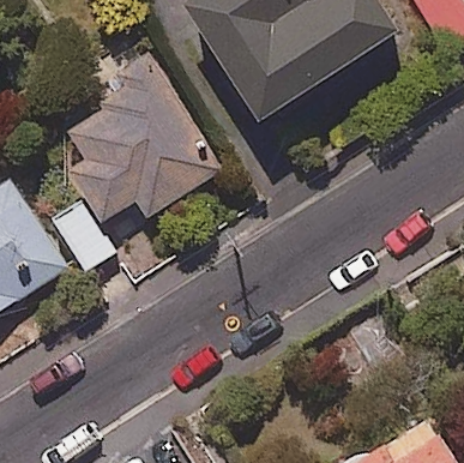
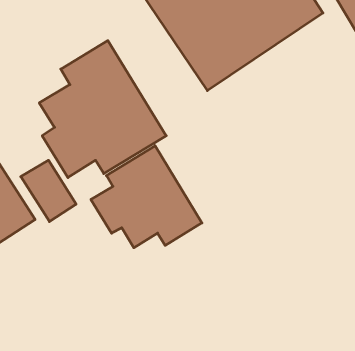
building: none -> [91,146,202,248]

